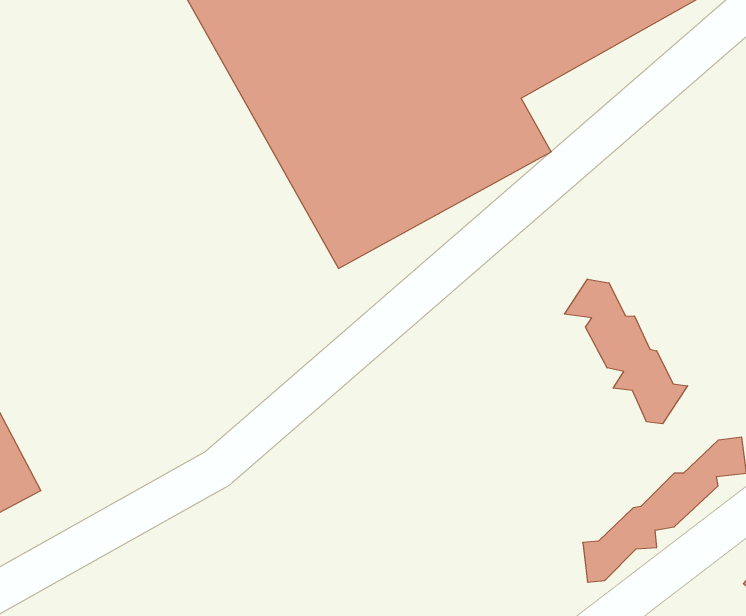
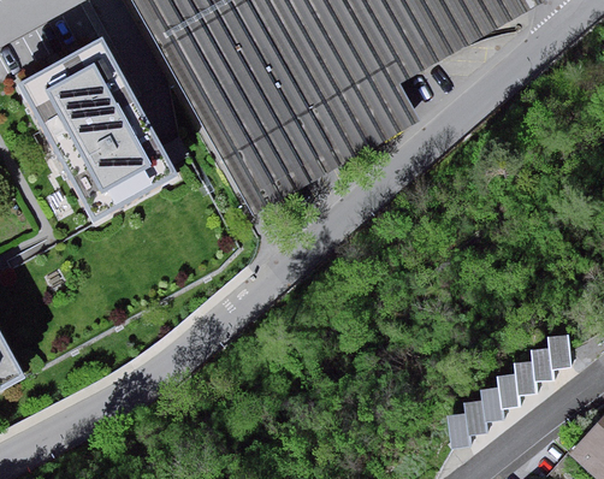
building: none -> [13,37,179,224]
building: [564,279,688,424] -> none

